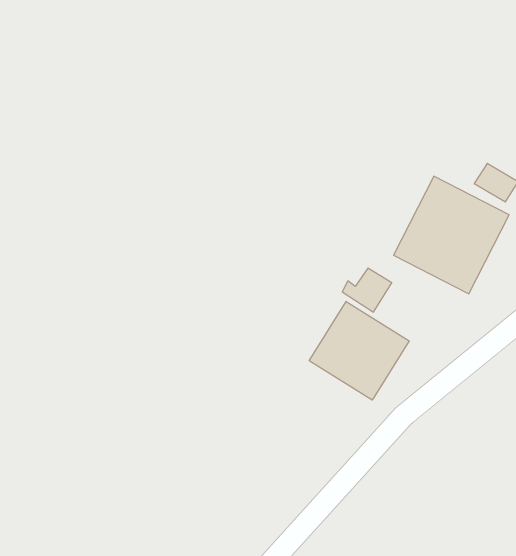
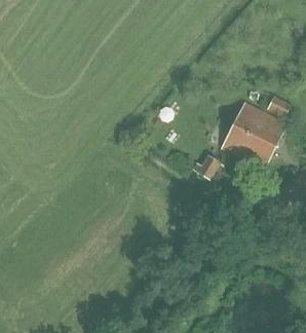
building: [309,301,409,400] -> none

